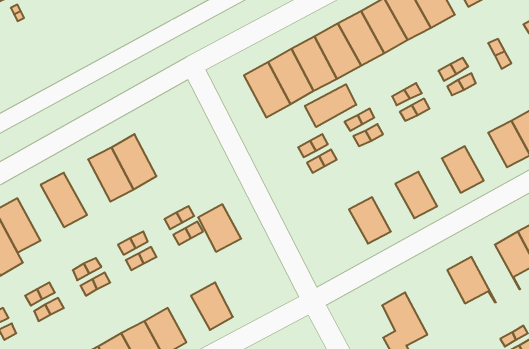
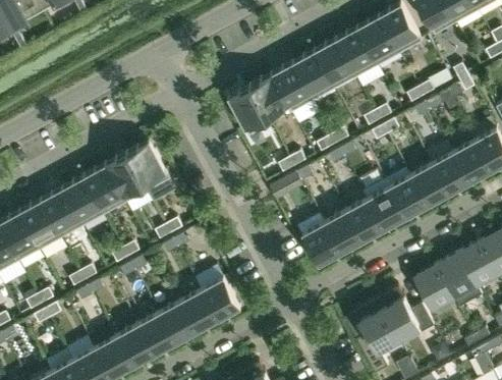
building: [305,84,356,127] -> none
building: none -> [127,140,170,191]
building: none -> [426,142,470,195]
building: none -> [389,174,428,218]
building: none -> [62,175,105,226]
building: none -> [346,198,385,241]
building: none -> [19,199,62,250]
building: [198,204,241,252] -> [202,276,241,320]
building: none -> [301,221,342,265]
building: none -> [438,254,482,307]
building: none -> [377,286,435,336]
building: none -> [158,301,197,343]

